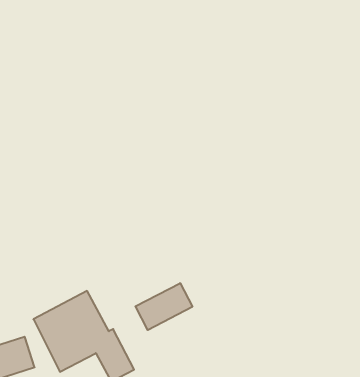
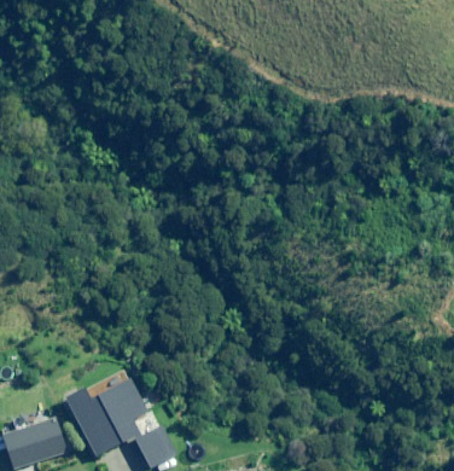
building: [135,283,192,330] -> none

